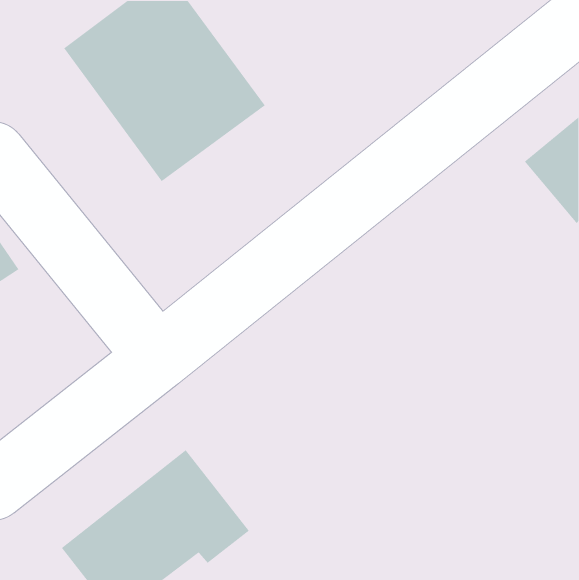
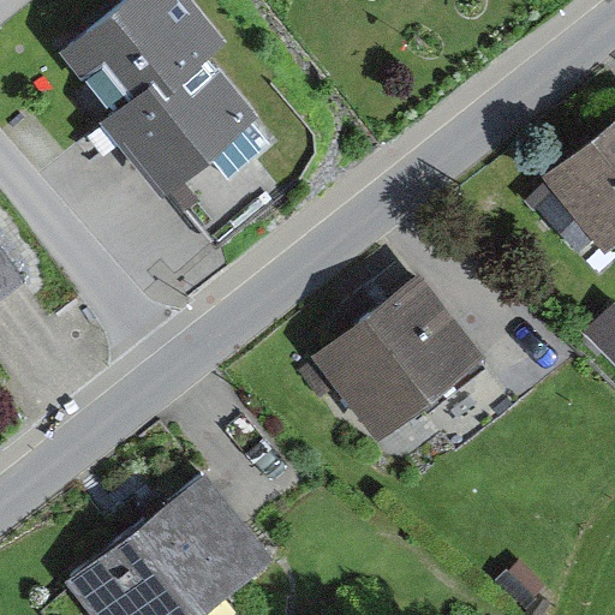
building: none -> [297,285,480,428]

